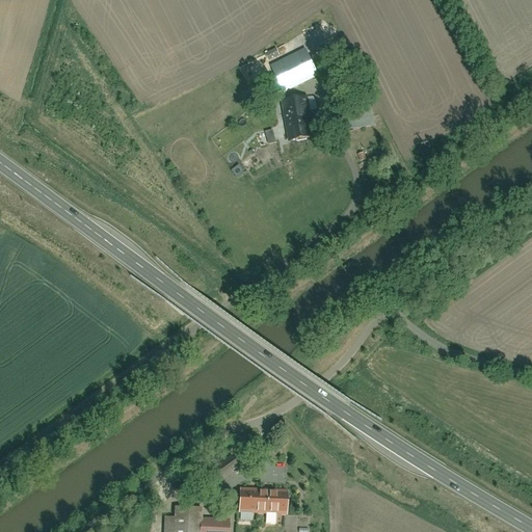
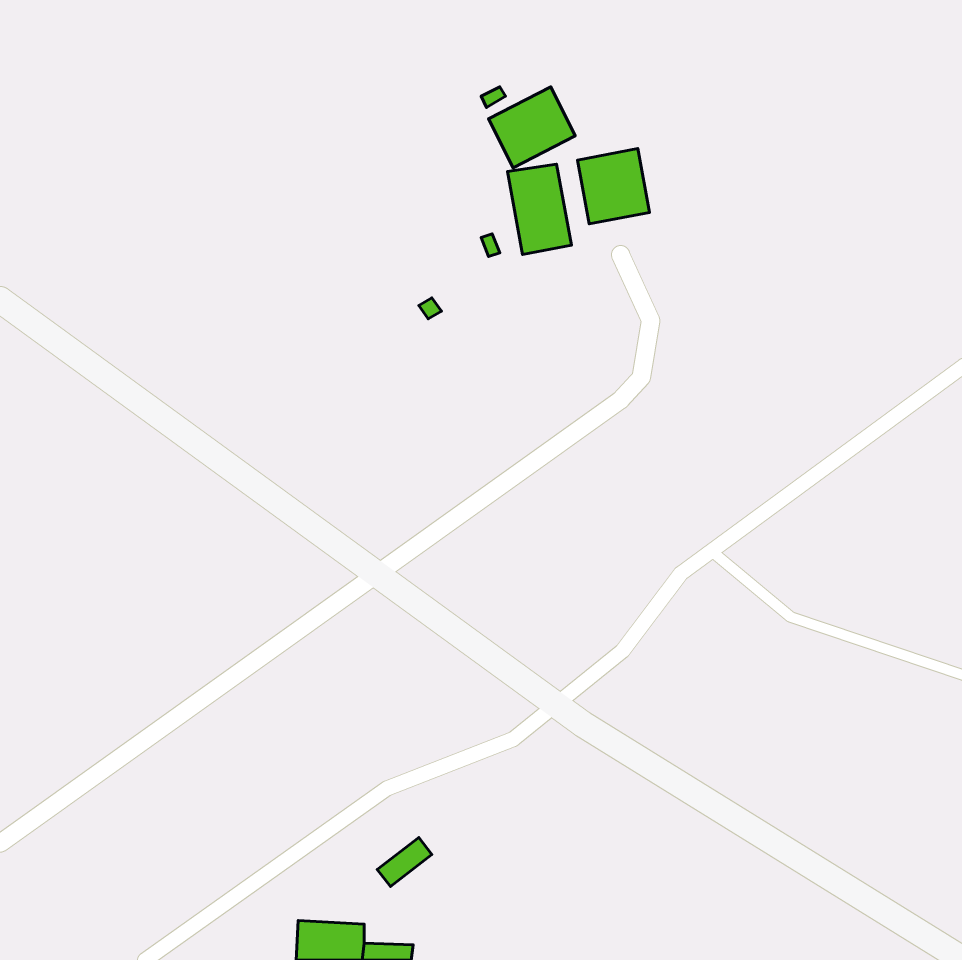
building: none -> [577,148,650,224]
building: [237,487,286,513] -> none

